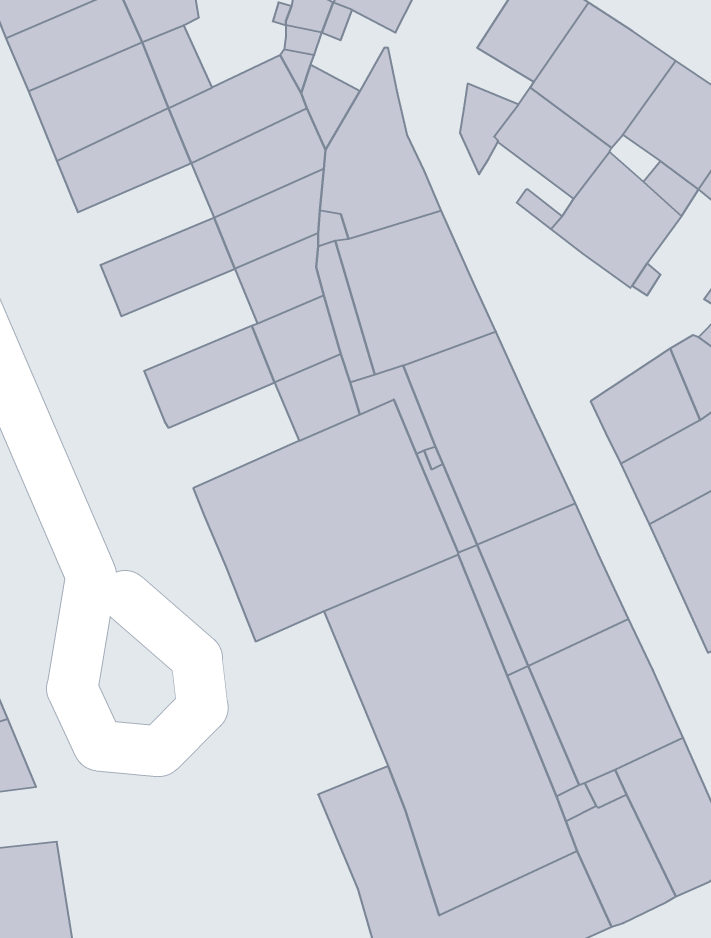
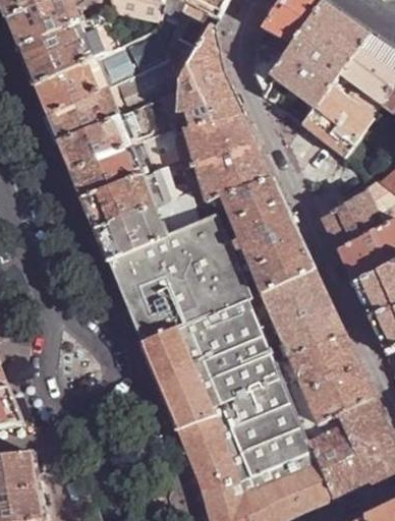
building: none -> [48,90,121,144]
building: none -> [71,147,145,201]
building: none -> [97,208,167,265]
building: none -> [144,331,215,429]

